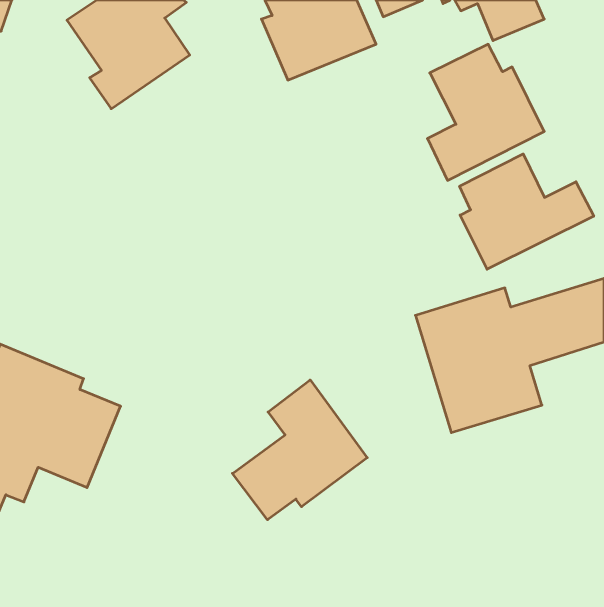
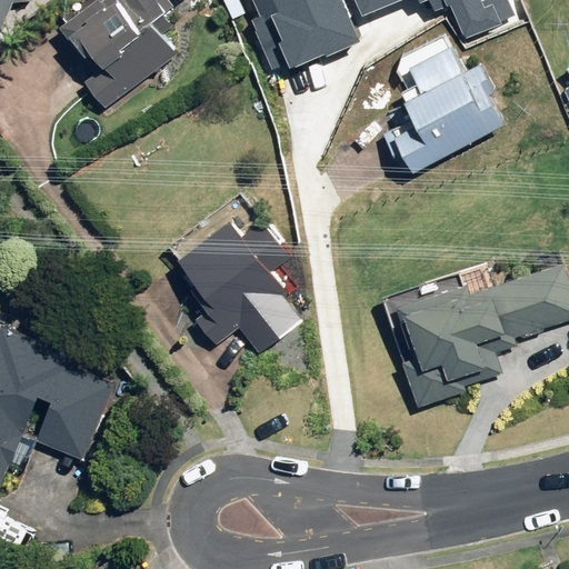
building: [460,154,594,269] -> none
building: none -> [180,212,301,352]
building: [232,380,367,520] -> none

